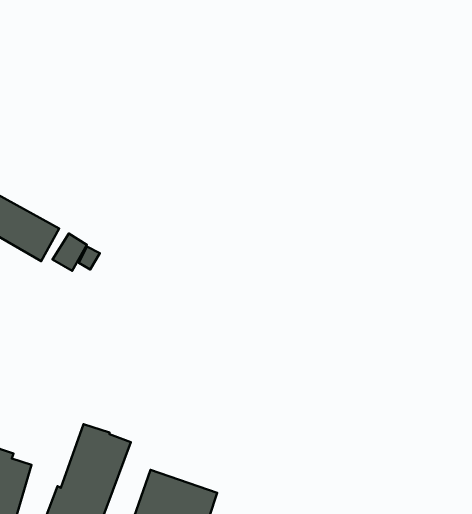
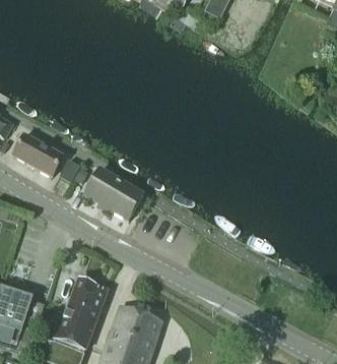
building: none -> [85,168,144,219]

